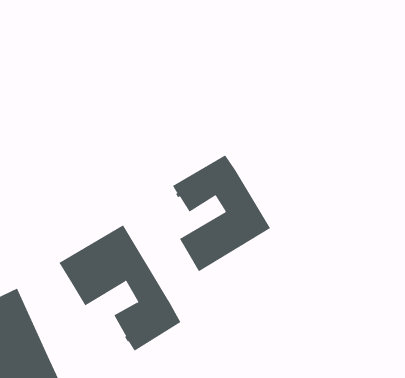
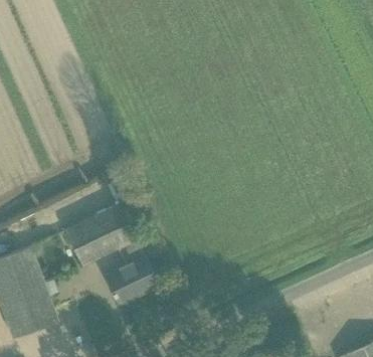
building: [172,155,271,272] -> none

